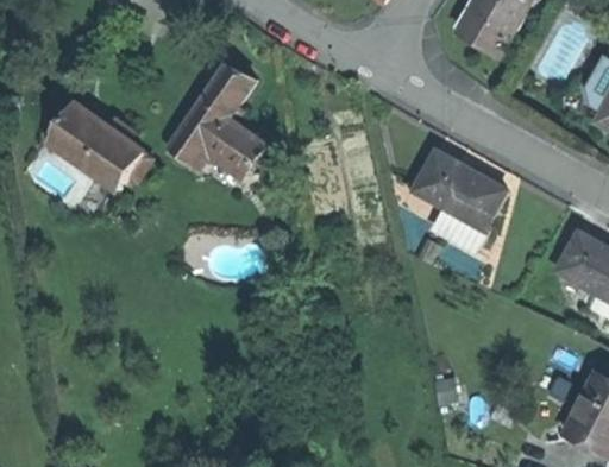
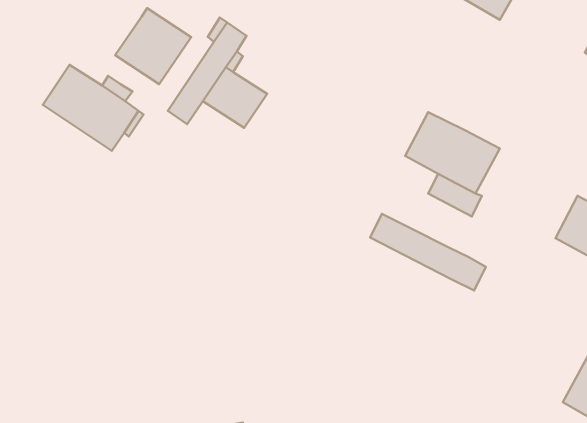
building: none -> [115,8,191,84]
building: none -> [370,214,486,291]

